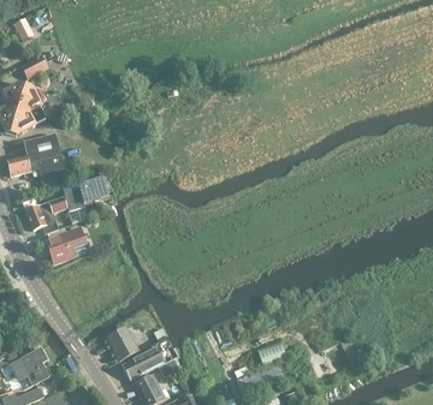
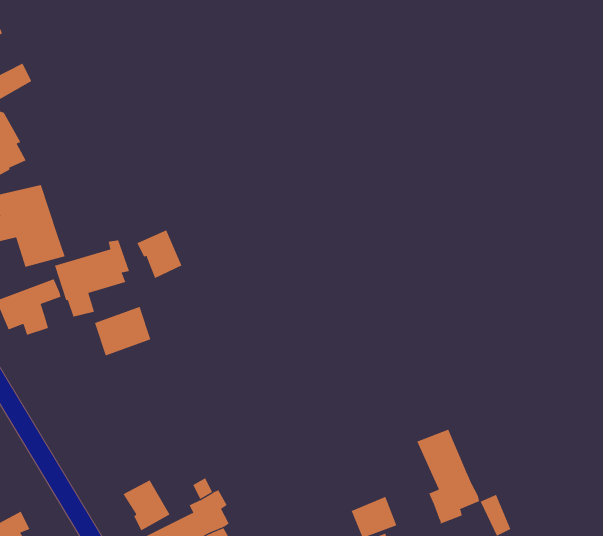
building: none -> [137,229,182,279]
building: [48,228,85,261] -> [94,306,151,356]
building: none -> [417,429,480,524]

